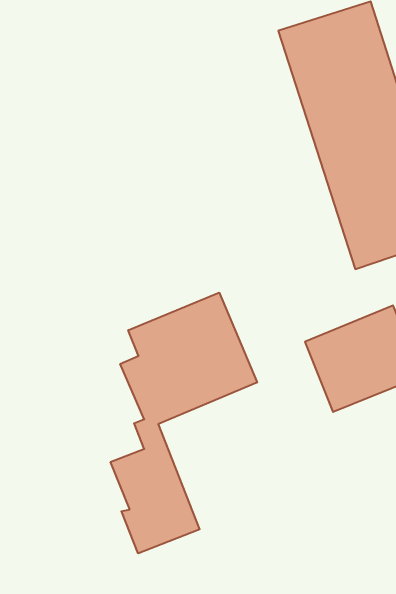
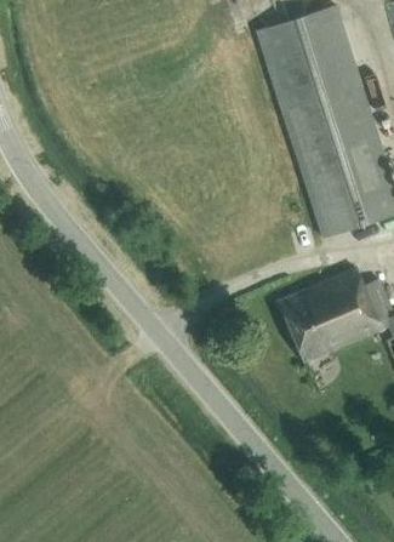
building: [111,293,257,553] -> none

